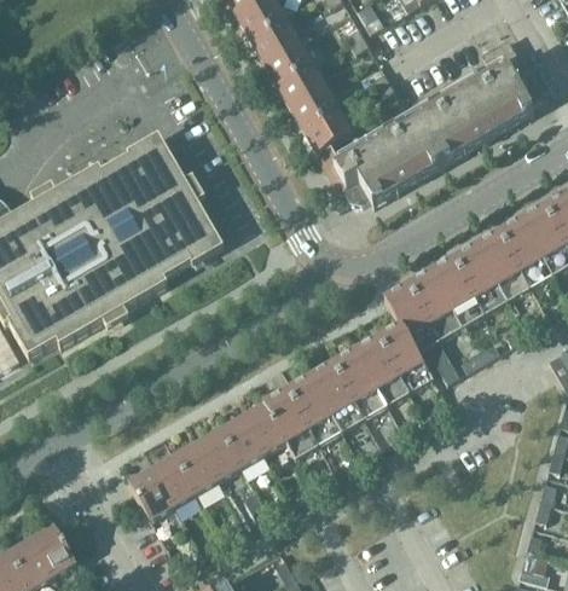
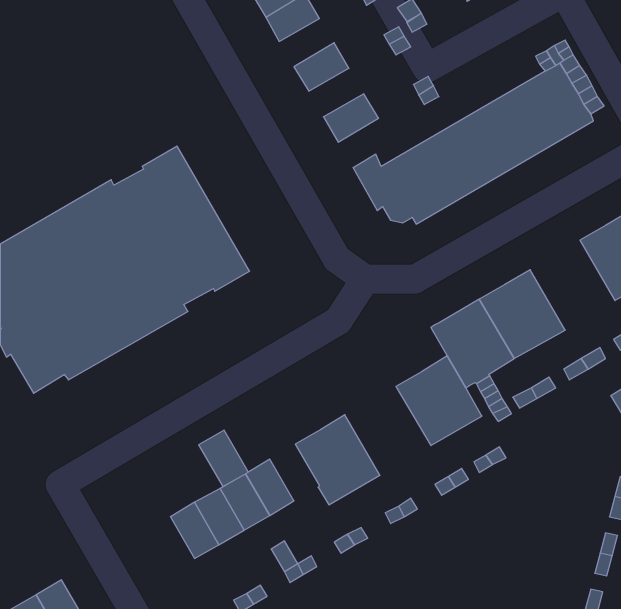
building: [251,18,301,62] -> none
building: [278,63,328,106] -> none
building: [305,108,354,152] -> none
building: [477,218,553,299] -> none
building: [311,349,388,429] -> none
building: [243,401,288,452] -> [199,430,248,486]
building: [129,467,175,518] -> none

